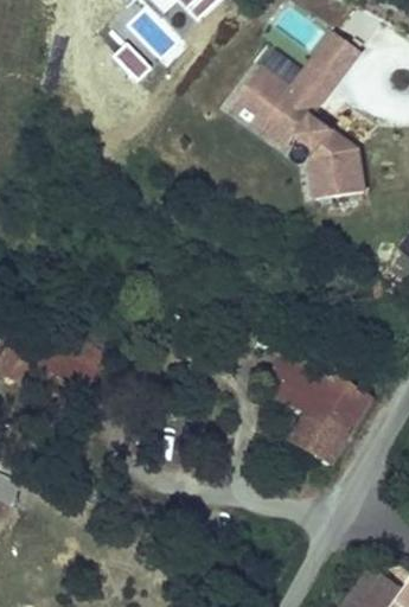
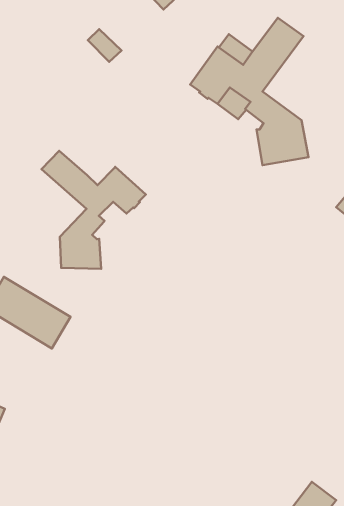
building: none -> [41,151,146,269]
building: [261,350,368,465] -> none

